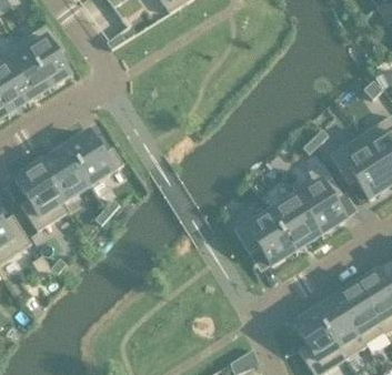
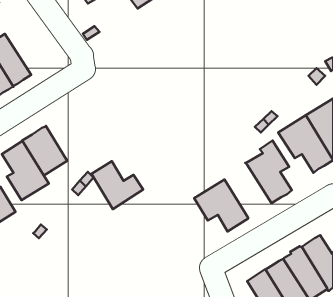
building: [18,23,69,89] -> none
building: [64,132,123,186] -> [91,161,143,209]
building: [268,191,321,251] -> none

